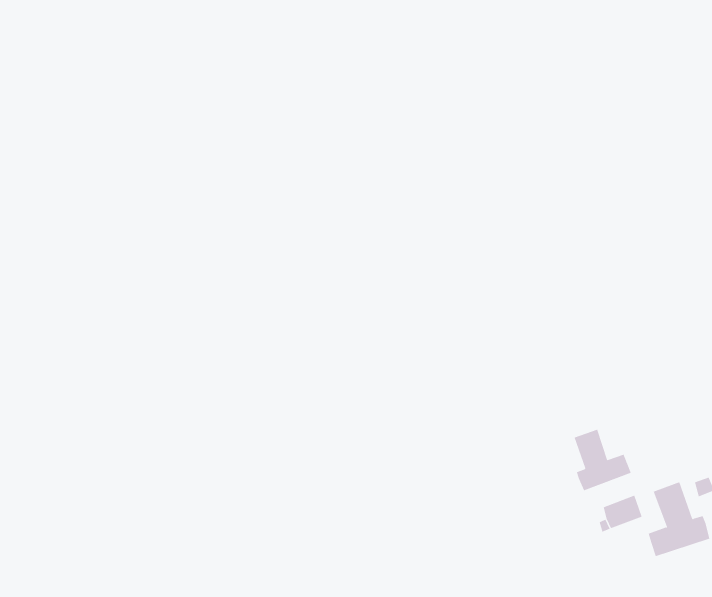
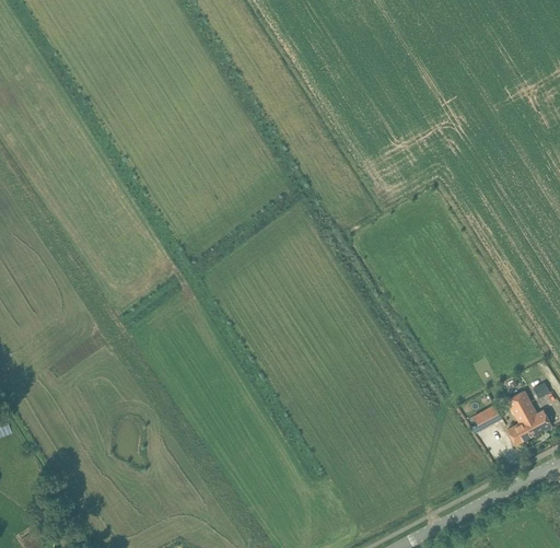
building: [574,429,631,491] -> none

